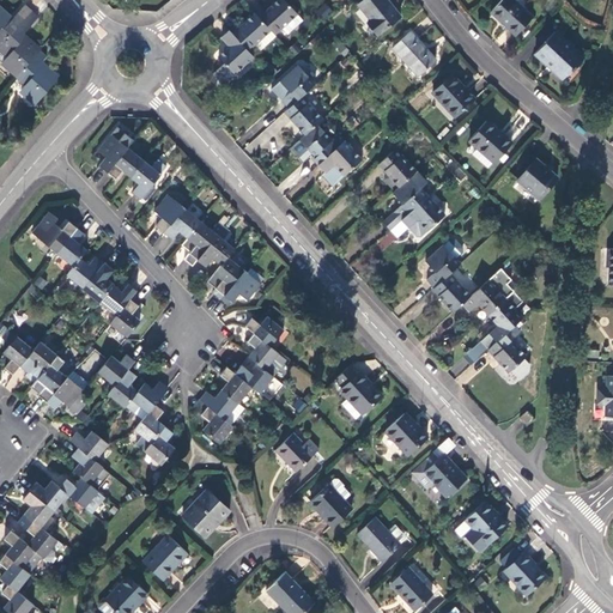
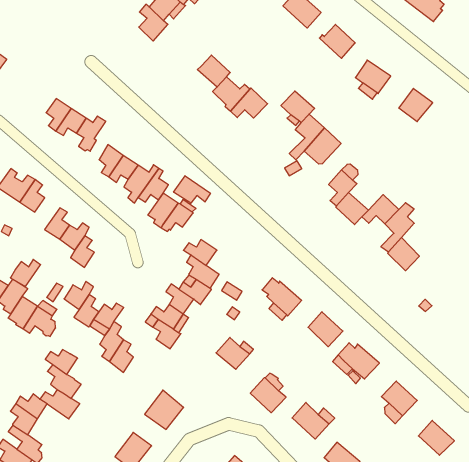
building: [279,67,314,110] -> none
building: none -> [174,176,210,203]
building: [67,255,104,286] -> [10,259,41,286]

